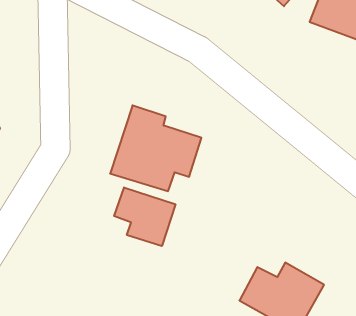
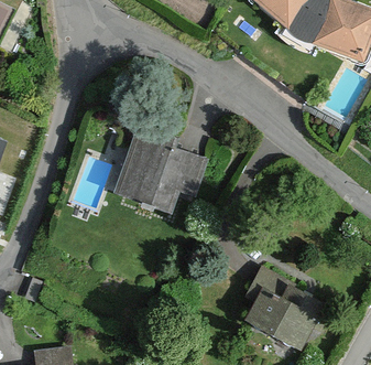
building: [114,187,175,246] -> none

